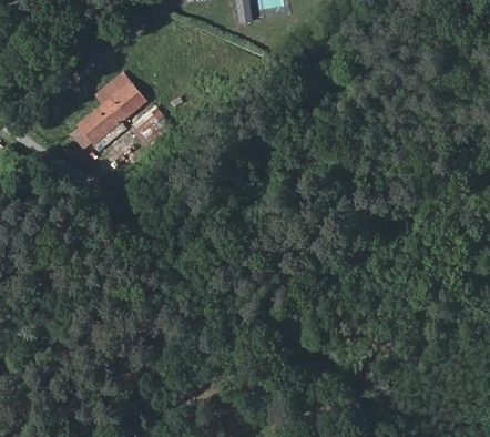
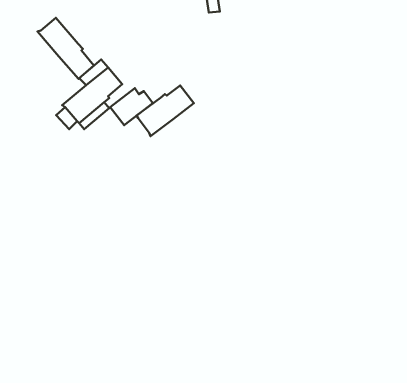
building: none -> [38,18,94,79]
building: none -> [136,86,194,136]

